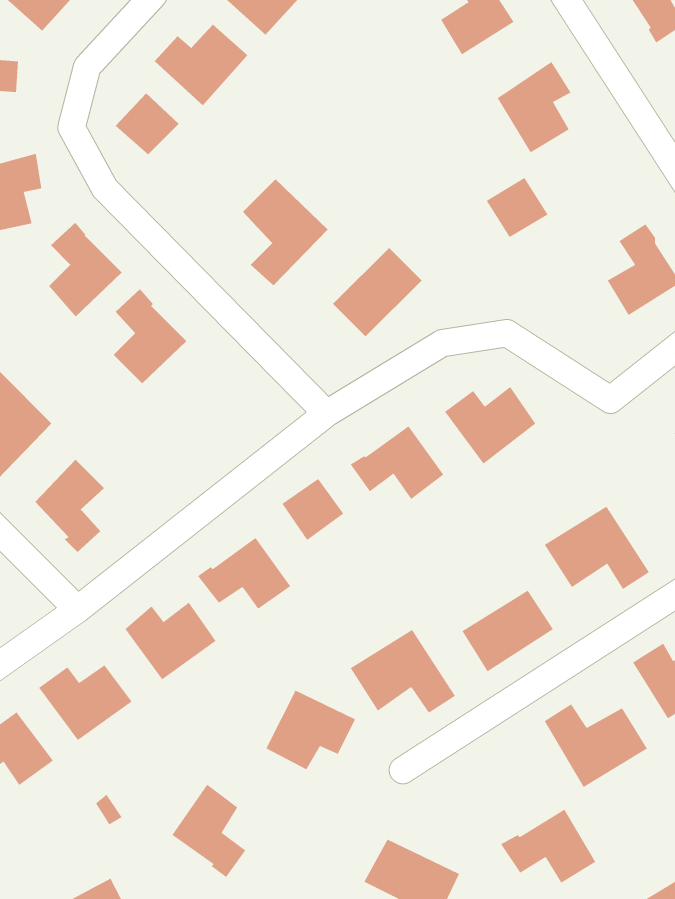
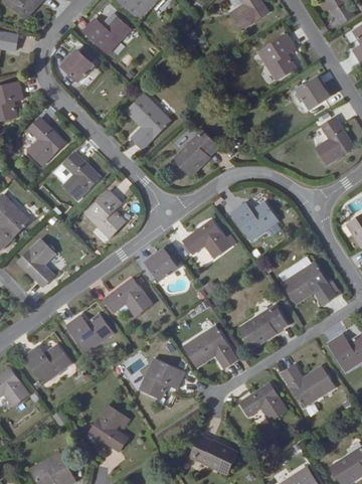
building: [486,177,548,238] -> [297,77,329,109]
building: none -> [86,190,127,237]
building: [500,809,596,883] -> [238,383,288,422]

